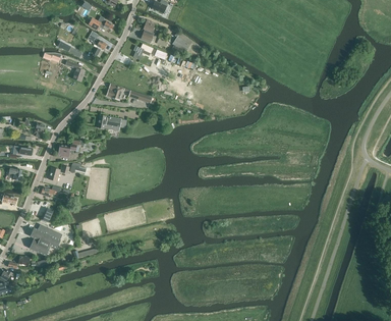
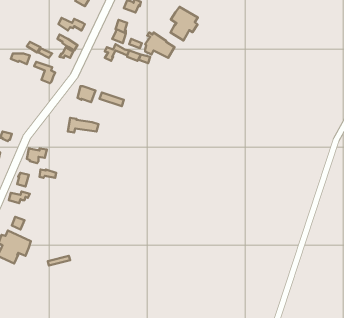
building: none -> [170,7,198,41]

